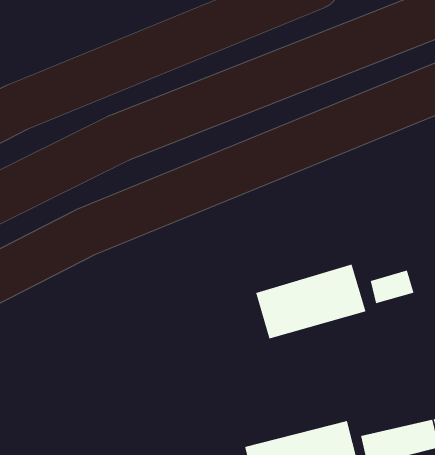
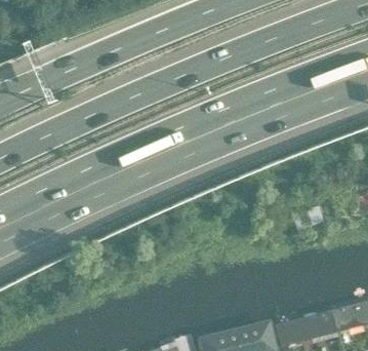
building: [255,263,366,340] -> none

